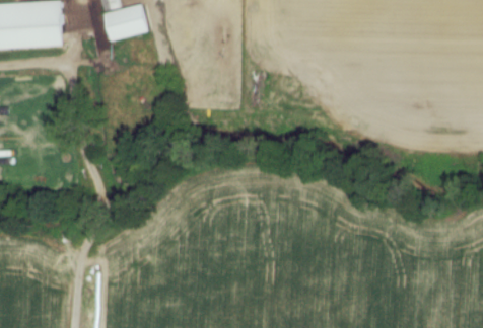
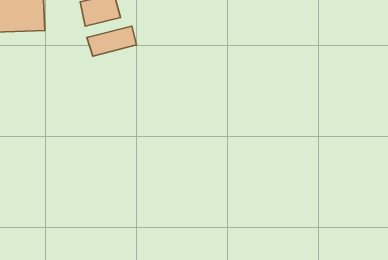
building: none -> [87,26,136,56]

